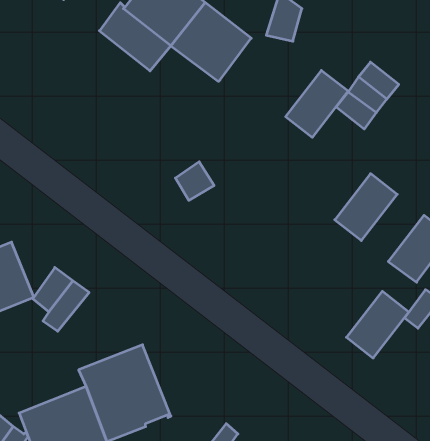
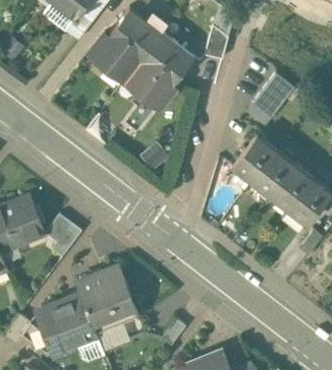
building: none -> [124,63,175,108]
building: [286,70,348,137] -> [232,136,275,182]
building: [346,291,409,358] -> [269,165,312,210]

